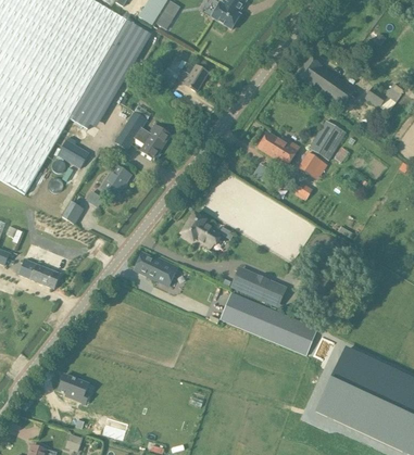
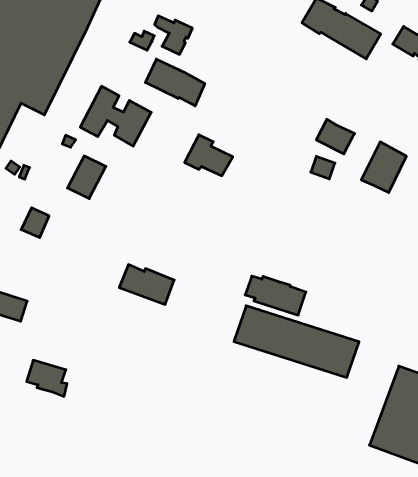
building: none -> [145,59,205,106]
building: [309,119,346,160] -> [361,142,406,193]
building: [258,132,298,165] -> none
building: [57,139,89,168] -> none
building: [181,213,219,247] -> [185,135,233,176]
building: [58,374,89,404] -> [27,360,67,396]

